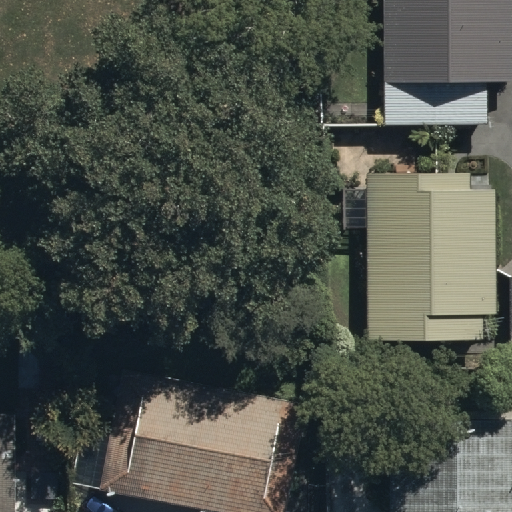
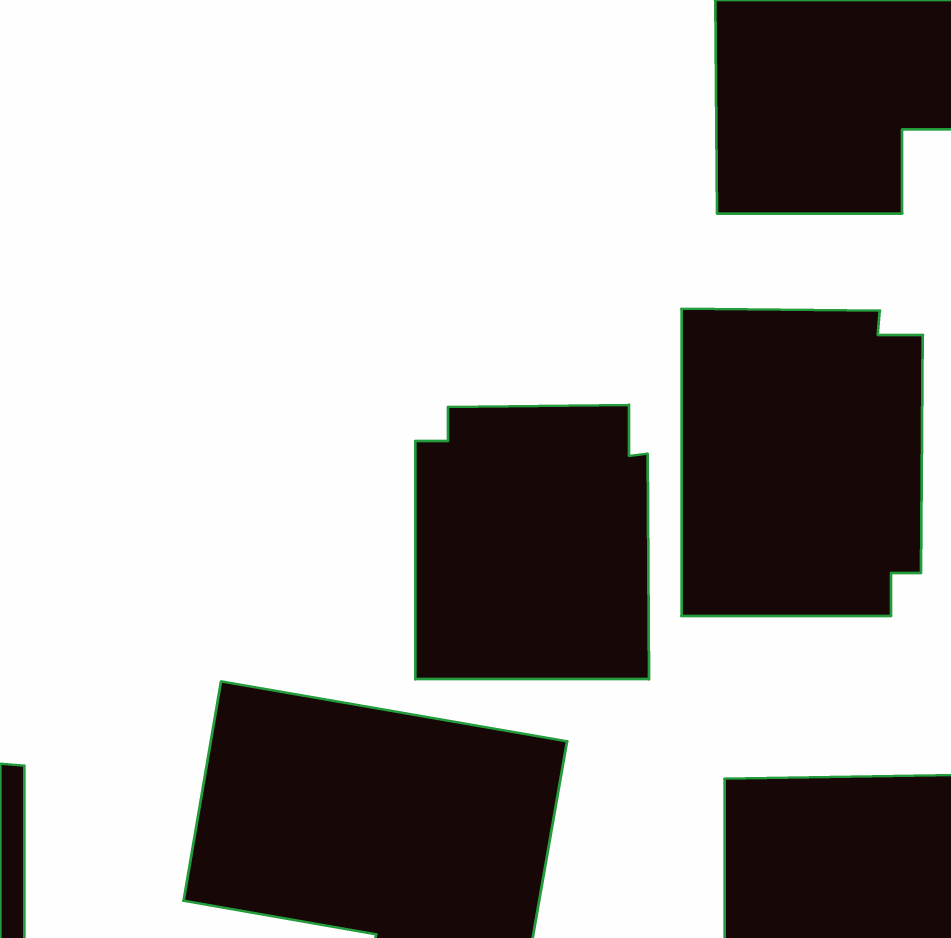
building: none -> [415,405,649,679]

